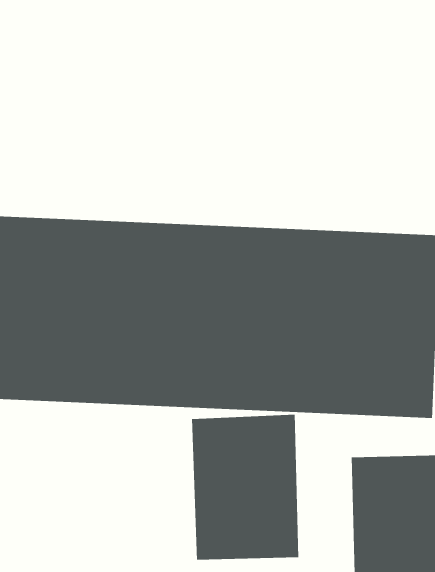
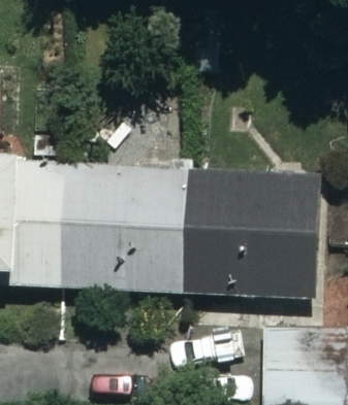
building: [191,414,299,561] -> none

